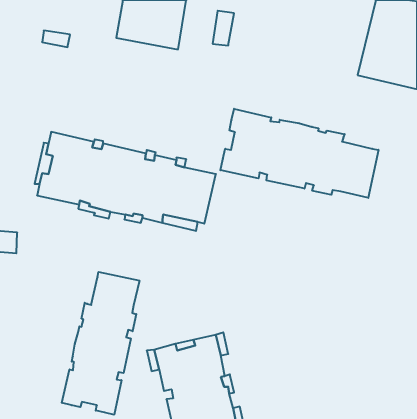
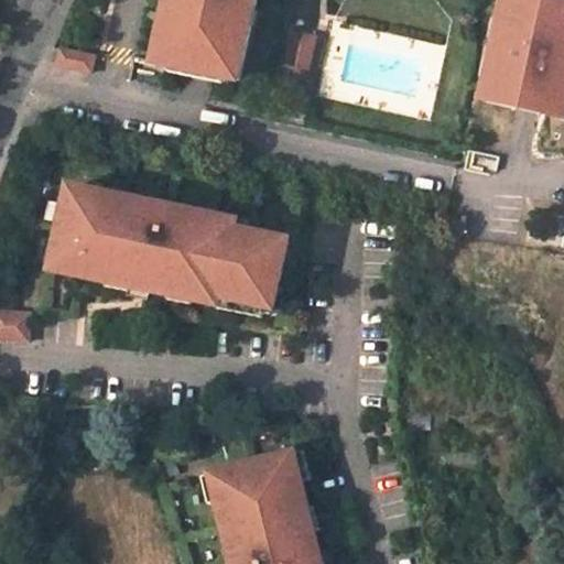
building: [220,109,378,198] -> none
building: [62,272,139,415] -> none

